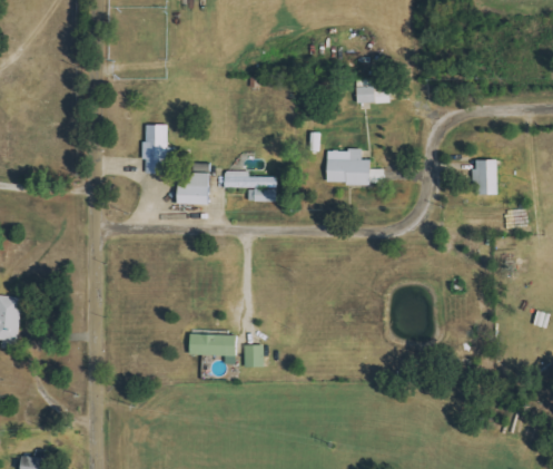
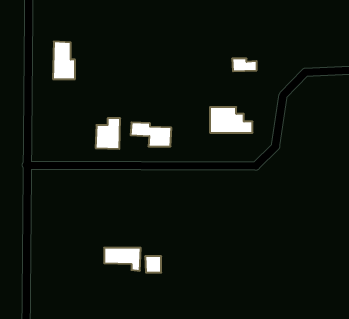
building: [142,123,171,172] -> [53,42,75,79]
building: [472,158,497,194] -> none

